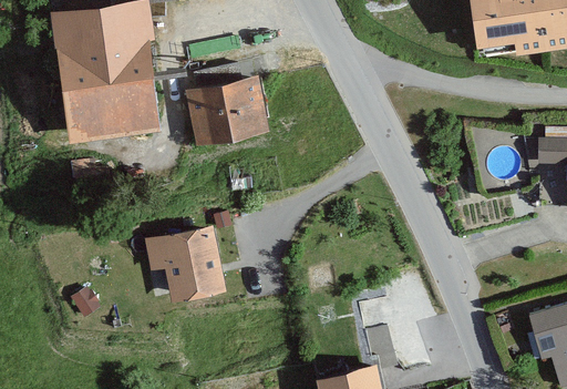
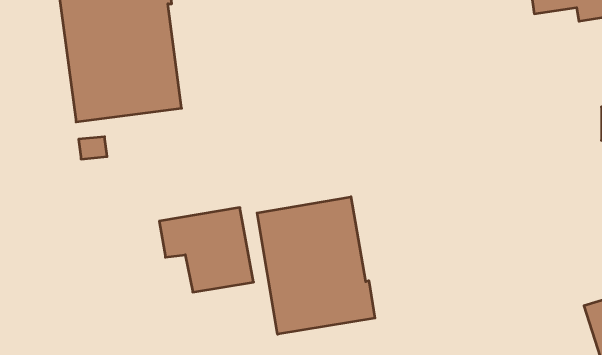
building: [186,76,271,145] -> none
building: none -> [257,197,375,334]

